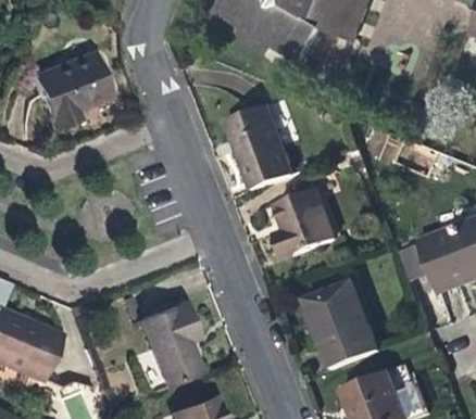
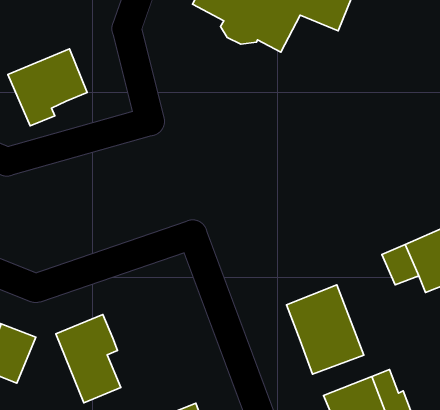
building: [227,105,295,189] -> none
building: [278,189,337,258] -> none
building: [139,302,202,388] -> [56,315,121,403]

